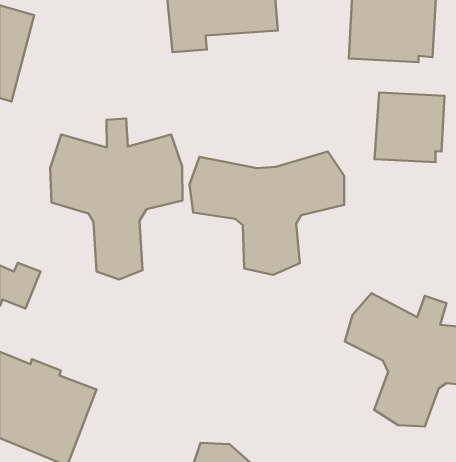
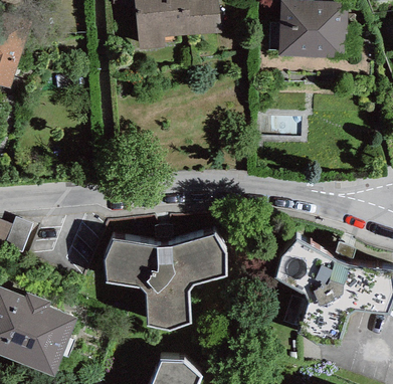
building: [375,92,444,162] -> none
building: [50,119,183,279] -> none
building: [190,152,344,275] -> [104,233,226,331]

